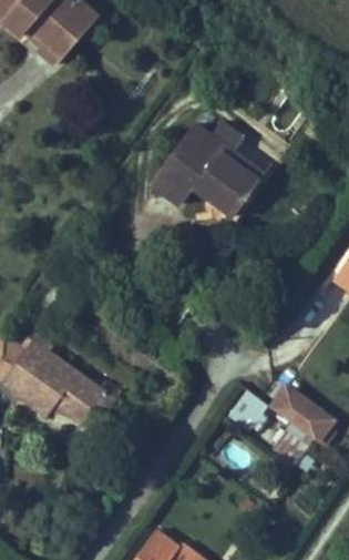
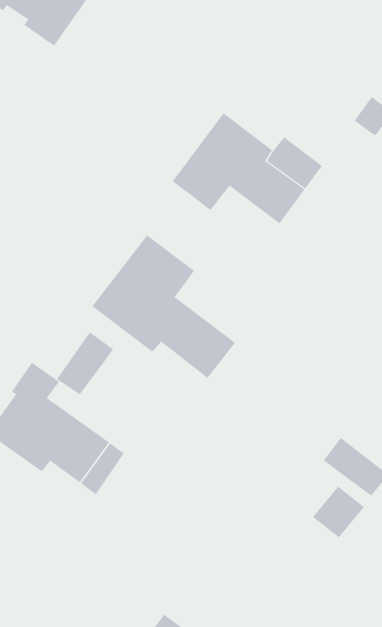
building: none -> [91,234,236,379]
building: none -> [56,332,114,395]
building: [235,387,276,428] -> none

